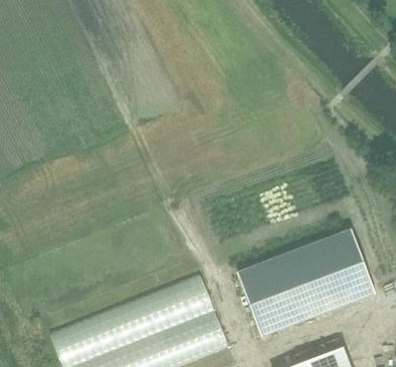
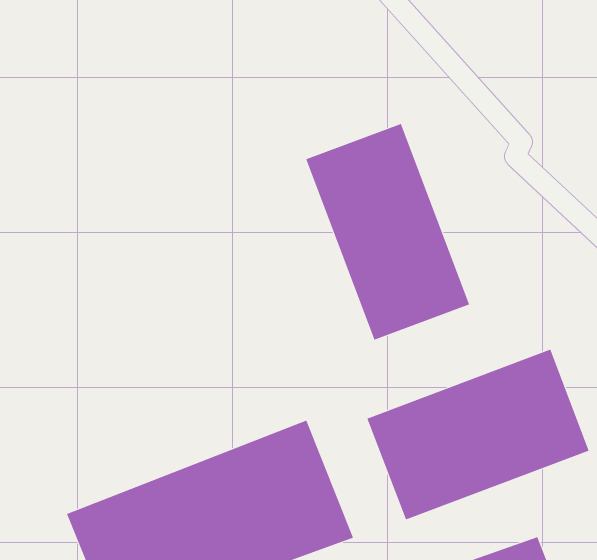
building: none -> [306,123,470,340]

